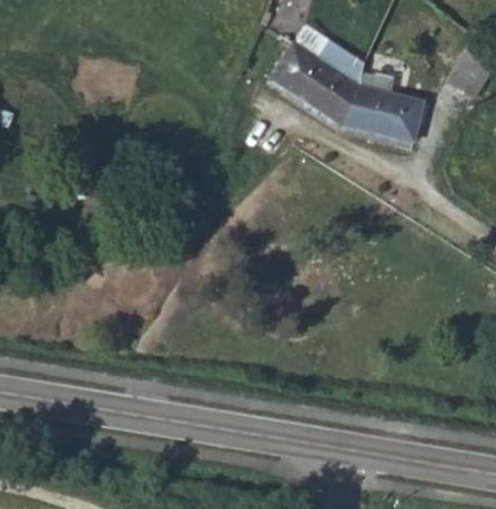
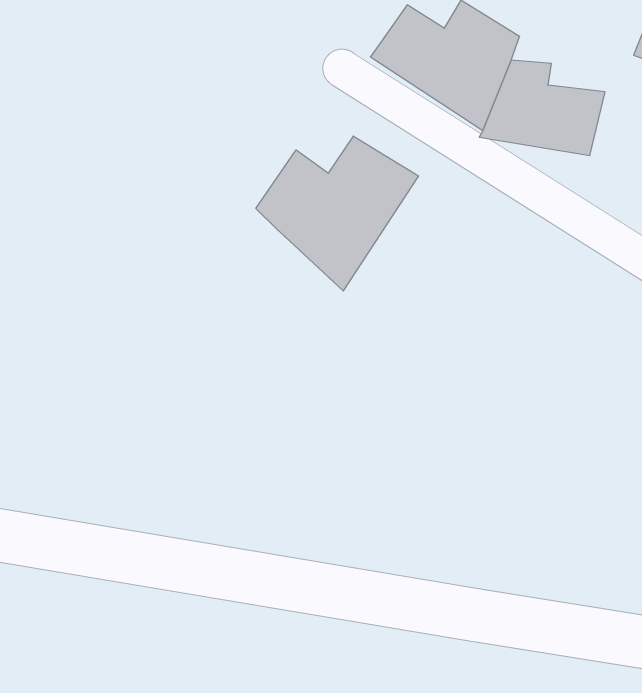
building: none -> [256,136,419,291]

